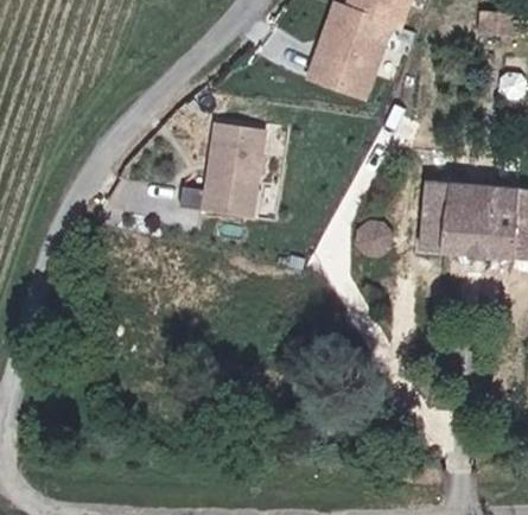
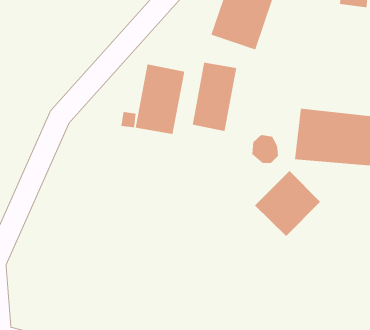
building: none -> [192,62,237,132]
building: none -> [254,170,321,237]

